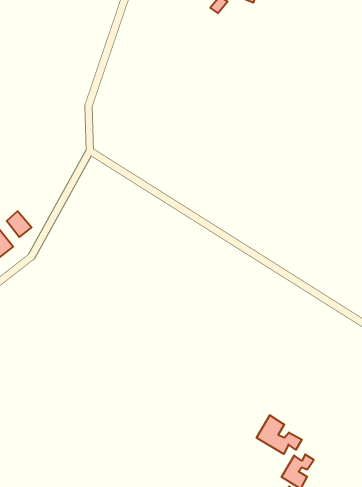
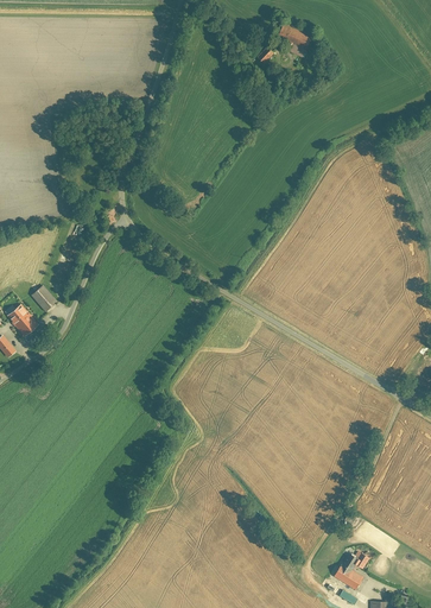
building: [257,415,302,454] -> none

